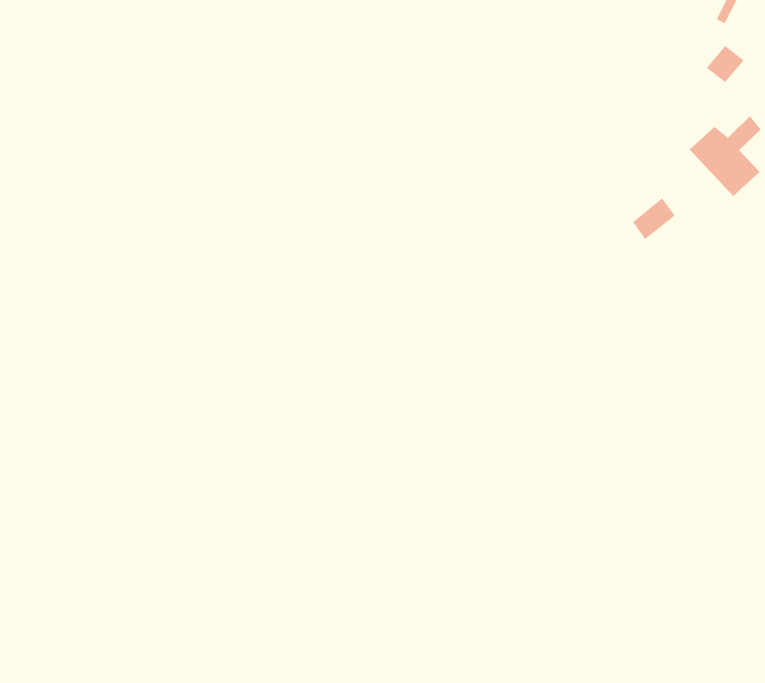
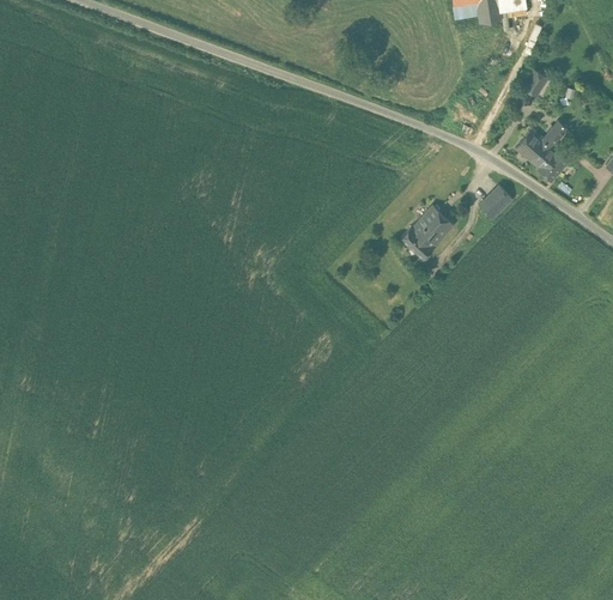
building: none -> [401,204,454,257]

